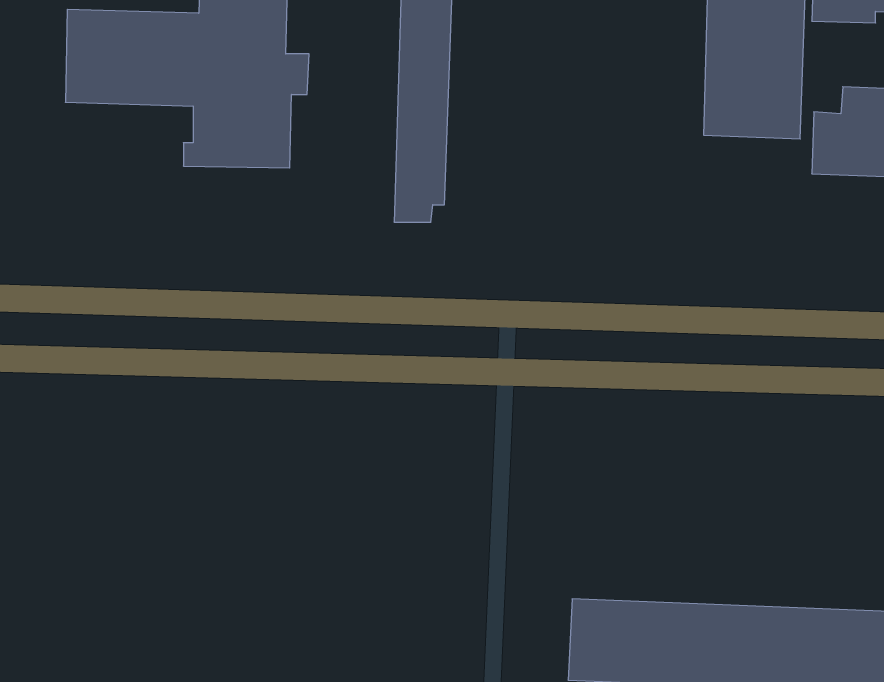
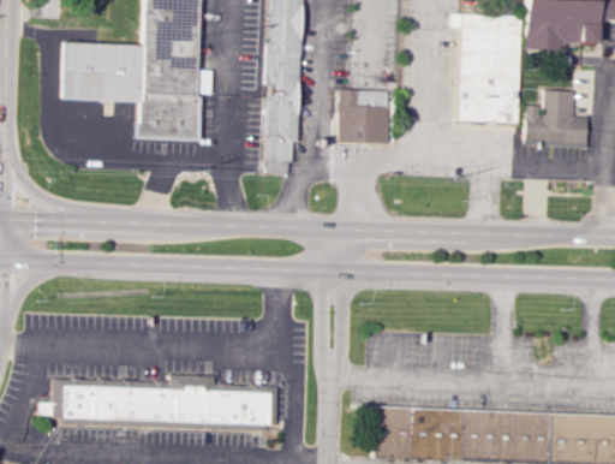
building: none -> [339,89,389,143]
building: none -> [36,373,280,434]

